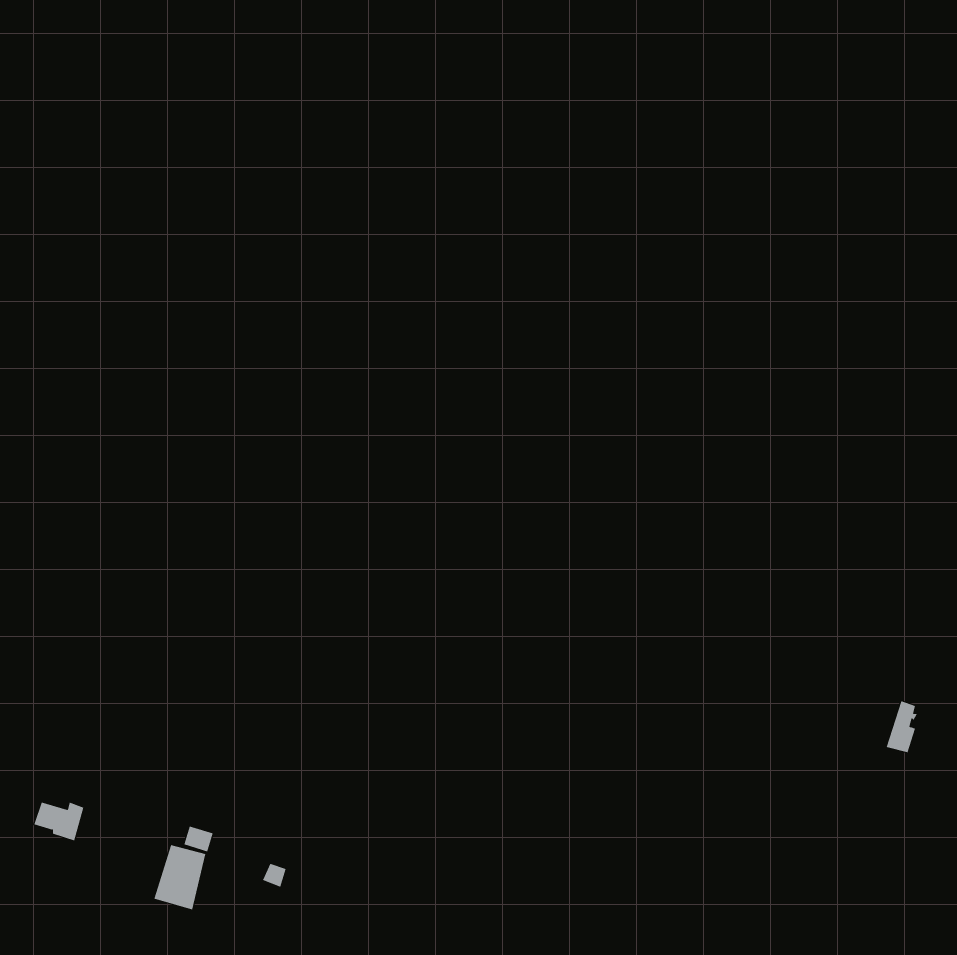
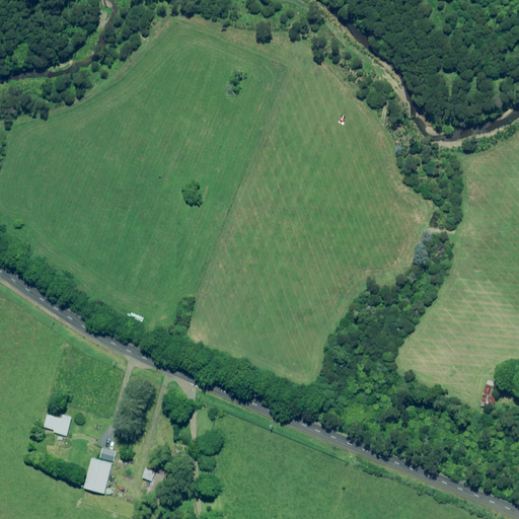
building: [34,802,84,841] -> [44,414,71,435]

